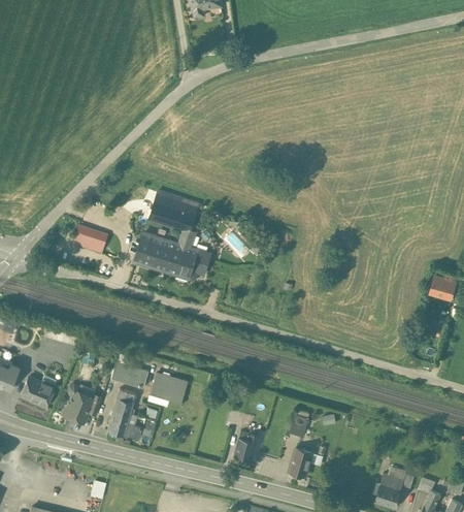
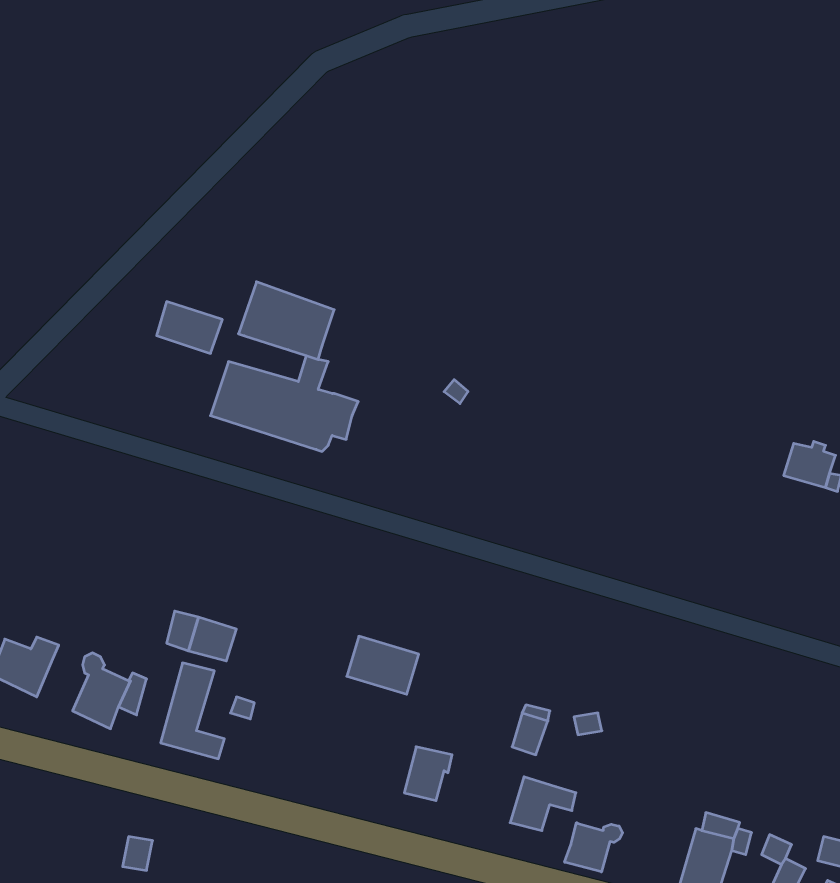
building: [73,226,107,253] -> [157,302,222,353]
building: [150,374,187,404] -> [347,636,419,694]
building: none -> [565,823,623,872]

